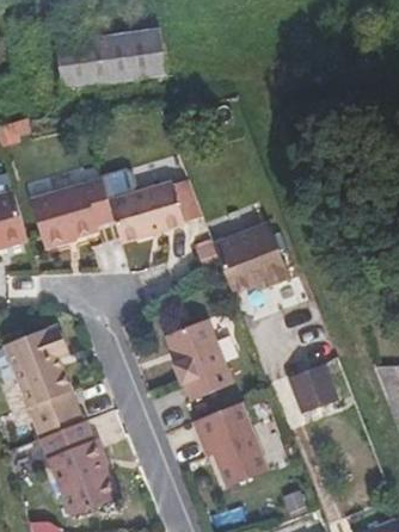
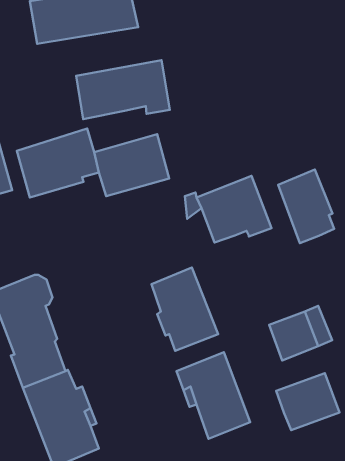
building: none -> [76,60,170,119]
building: none -> [278,170,334,243]
building: none -> [276,373,340,430]

